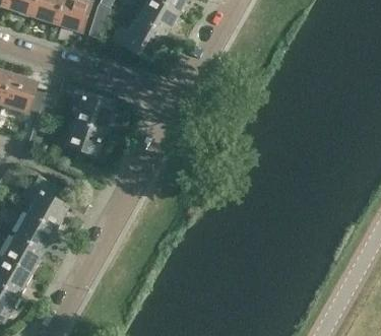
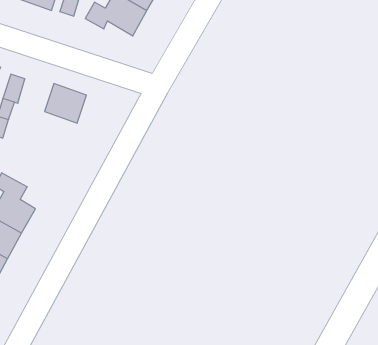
building: [67,121,104,155] -> none

